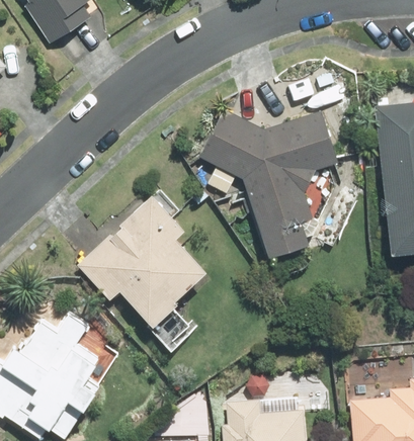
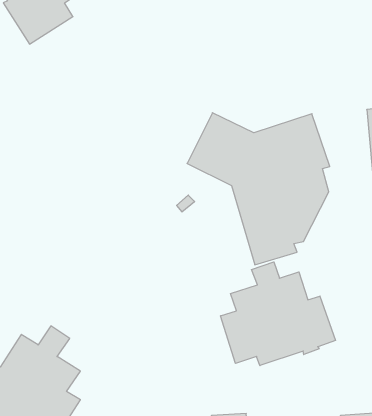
building: [78,197,203,346] -> none
building: none -> [221,262,335,366]

